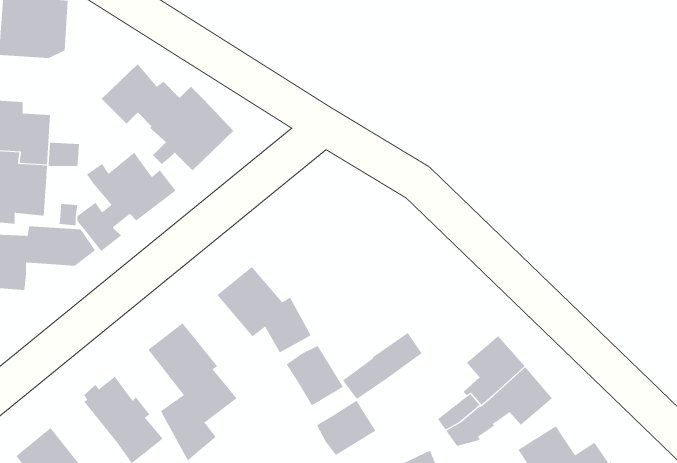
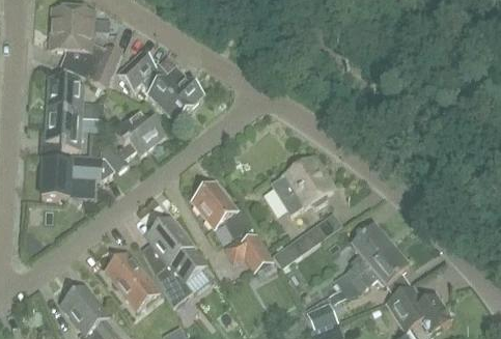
building: none -> [75,43,121,85]
building: none -> [270,156,332,214]
building: [316,400,376,456] -> none

